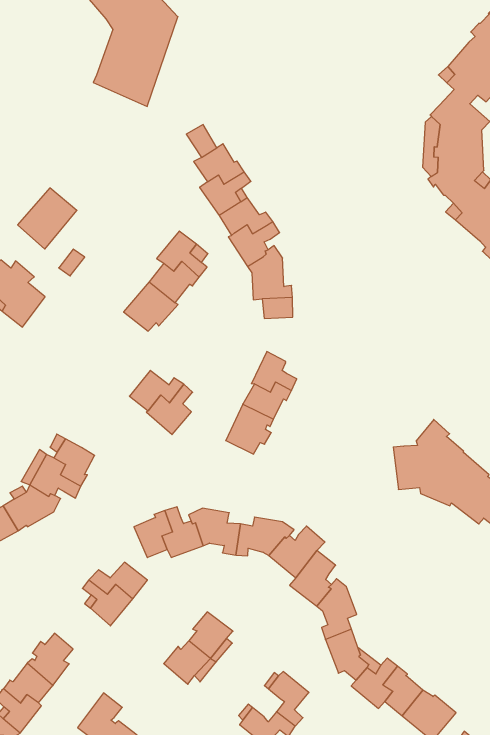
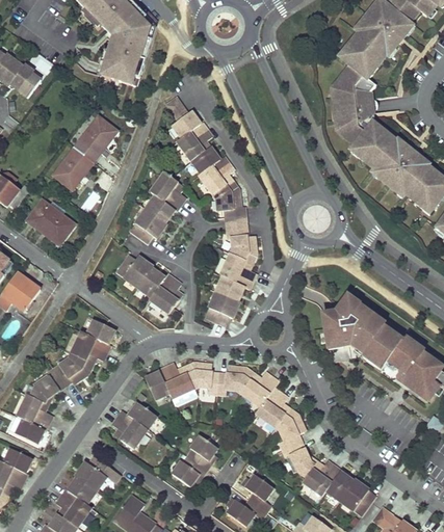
building: none -> [74,116,117,162]
building: none -> [228,228,255,262]
building: none -> [114,254,153,289]

